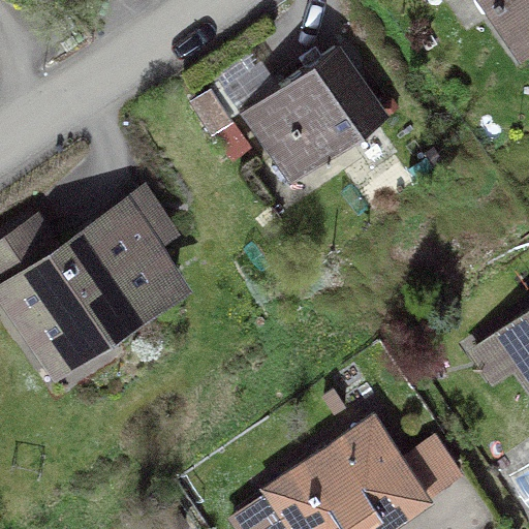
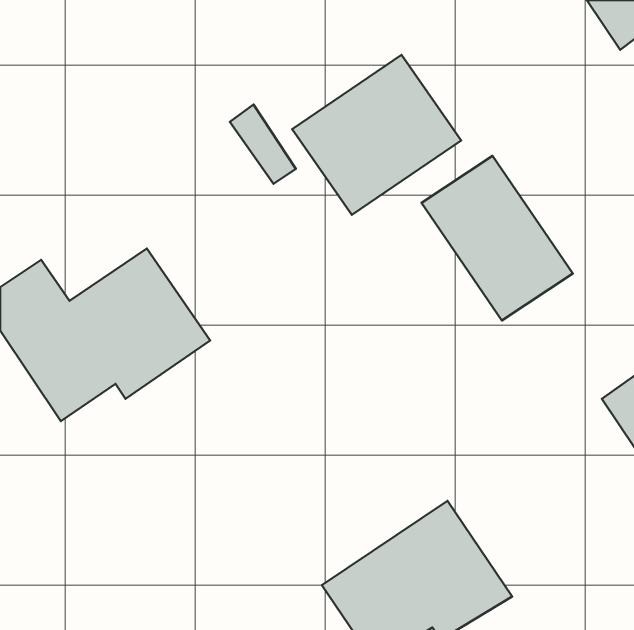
building: none -> [422,156,573,321]

